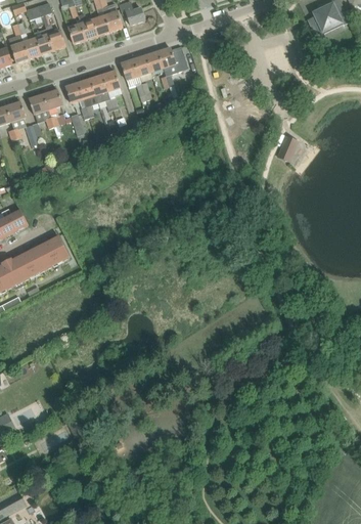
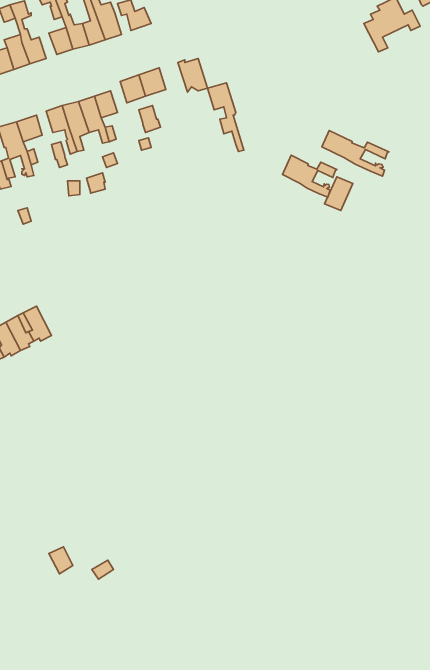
building: [151,49,179,101] -> [208,83,244,151]
building: none -> [322,130,389,176]
building: none -> [283,155,337,197]

